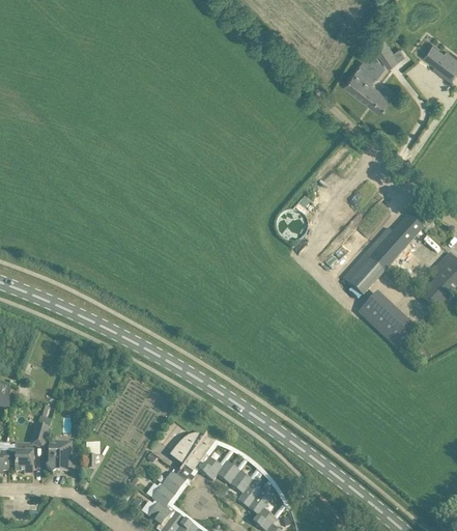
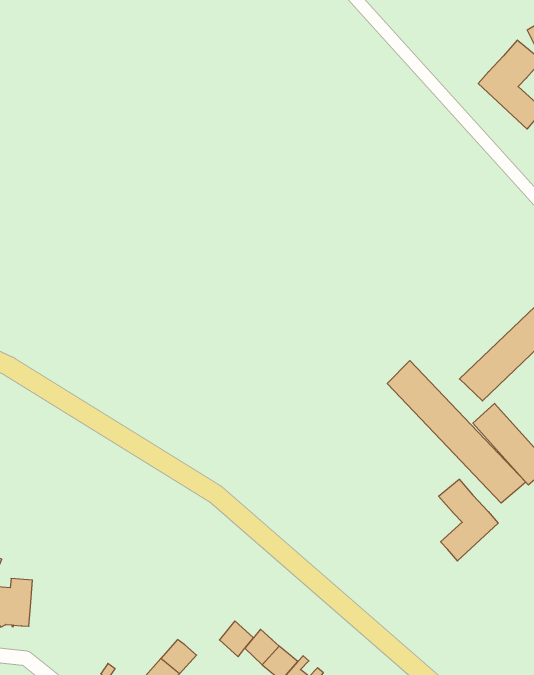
building: none -> [387,361,526,503]
building: none -> [439,479,498,561]
building: [170,432,216,469] -> none

